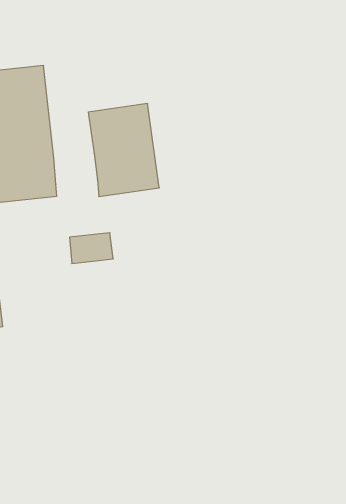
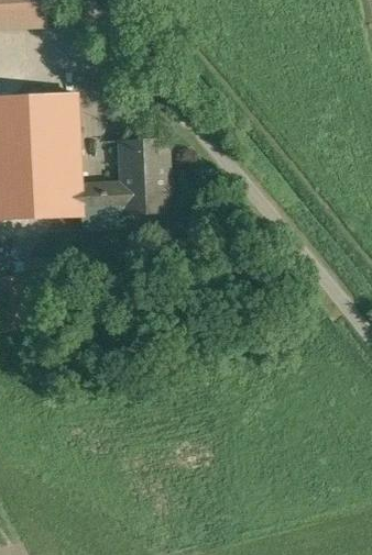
building: [70,233,113,263] -> [81,180,120,206]

